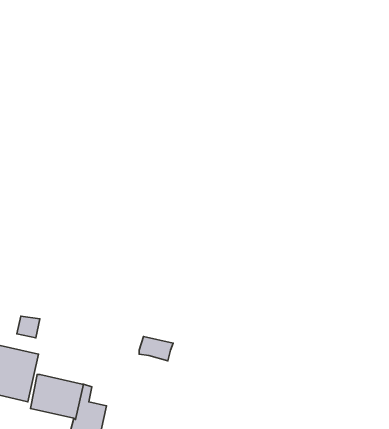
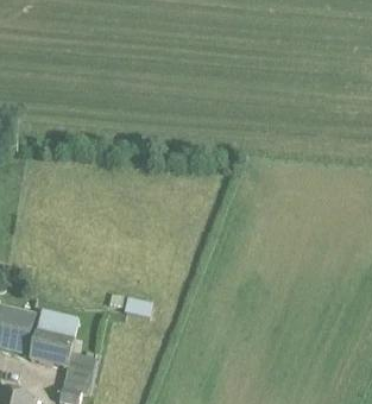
building: none -> [37,308,78,337]

